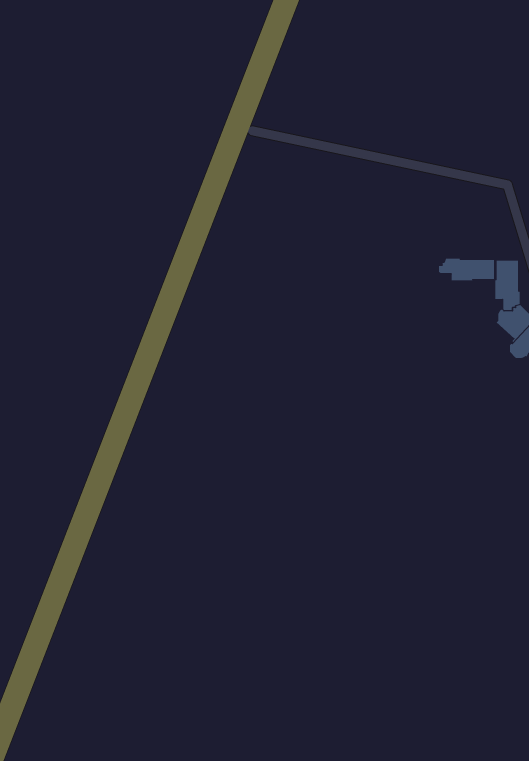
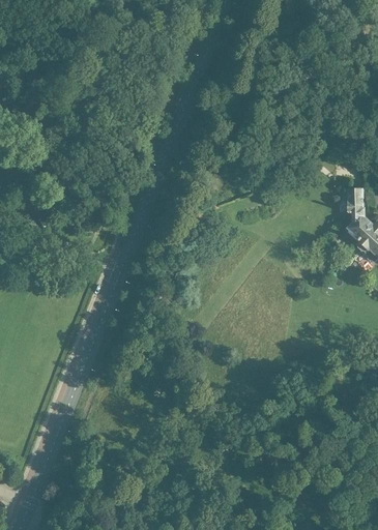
building: [439,258,494,281] -> none

